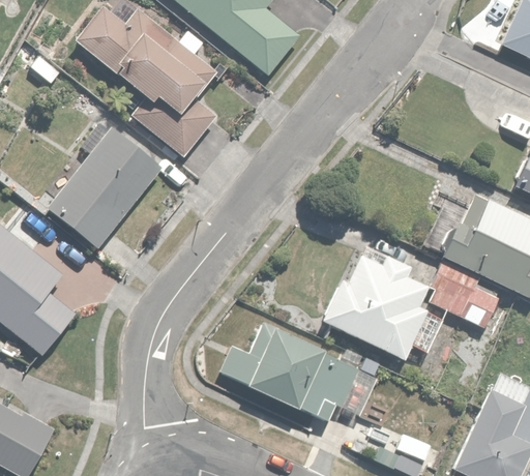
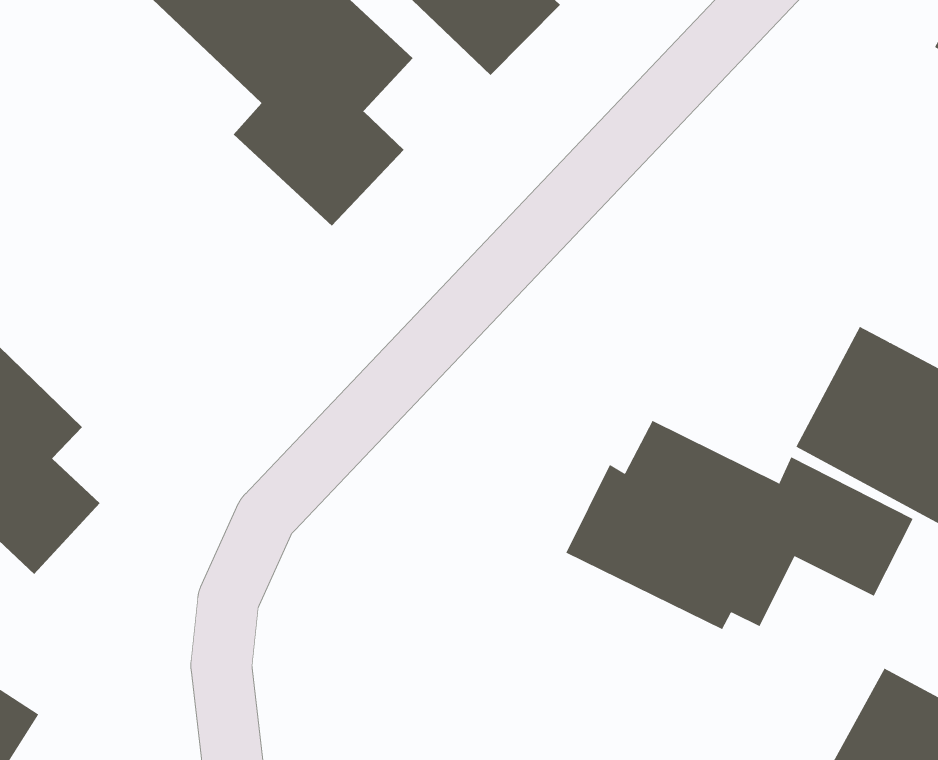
building: [37,114,171,256] -> none
building: [217,323,378,420] -> none

